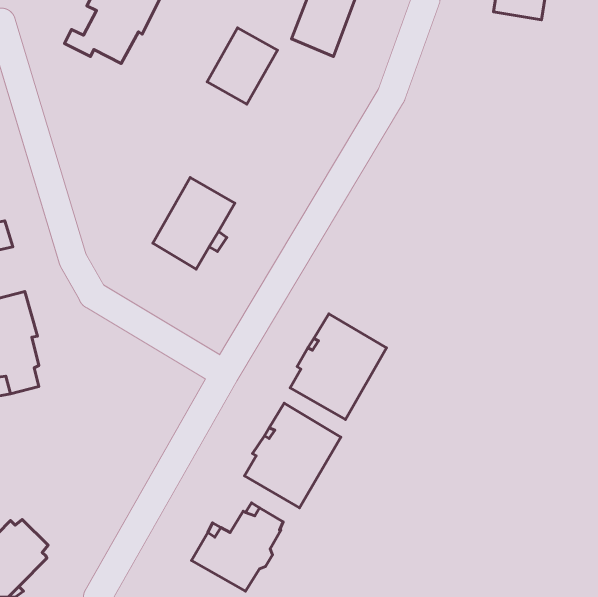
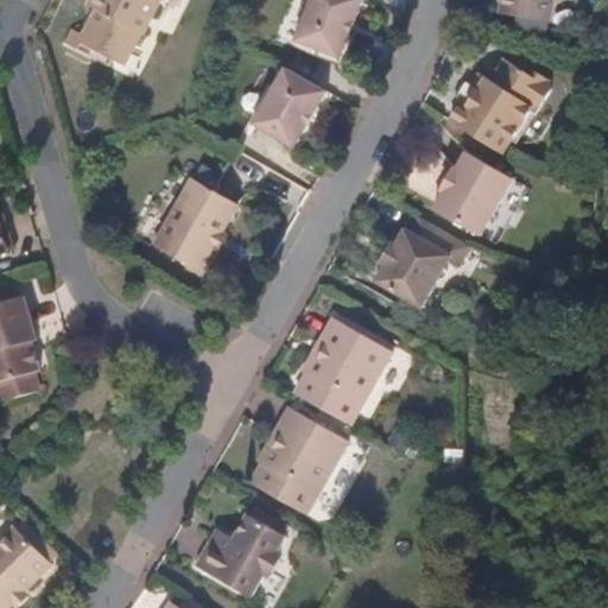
building: [207,28,278,104] -> [252,68,323,145]
building: none -> [448,56,551,152]
building: none -> [436,153,512,235]
building: none -> [374,217,469,308]

